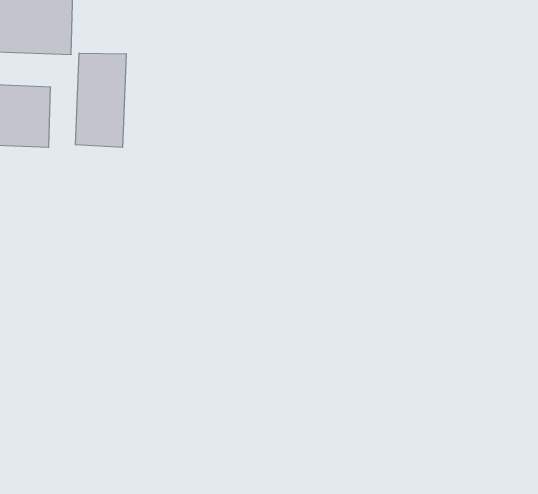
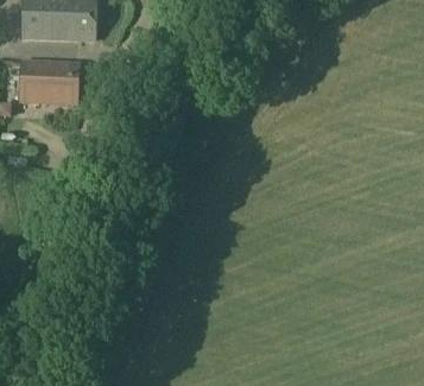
building: [76,53,126,147] -> none

